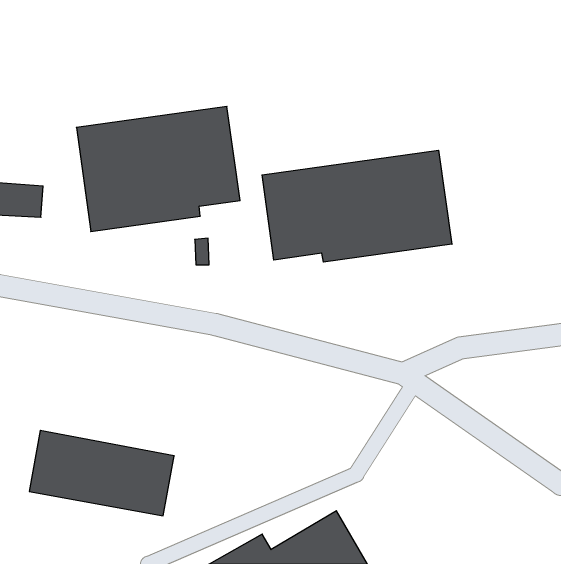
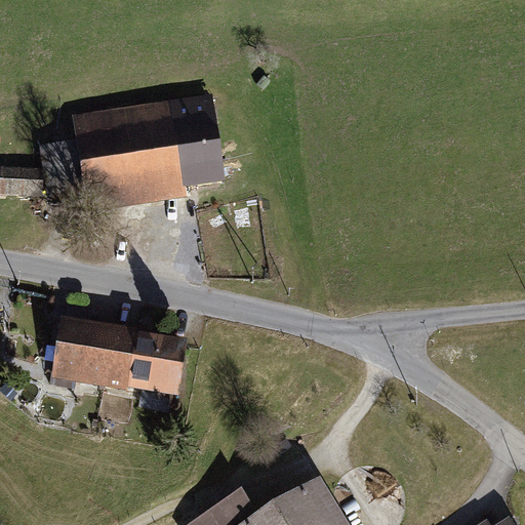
building: [262,150,452,262] -> none
building: [29,430,174,516] -> [51,317,186,396]

